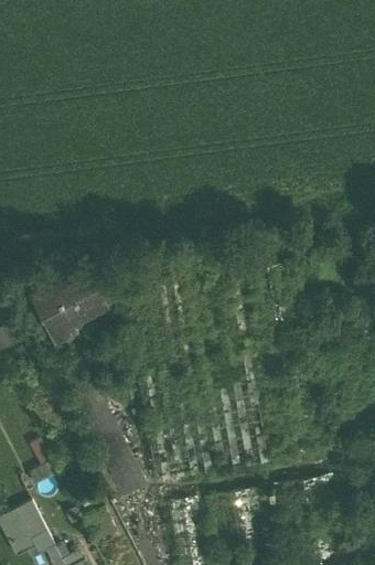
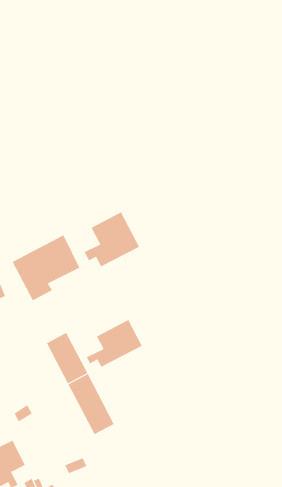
building: none -> [84,211,140,267]
building: none -> [86,319,143,367]

